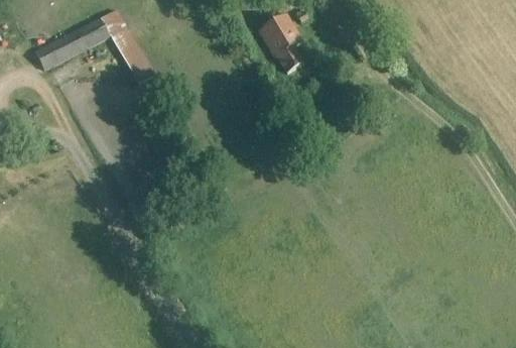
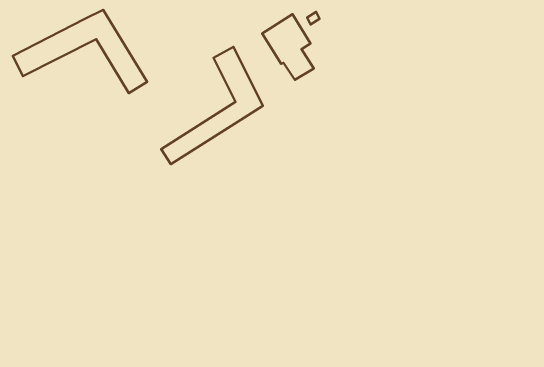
building: none -> [161,47,263,164]

